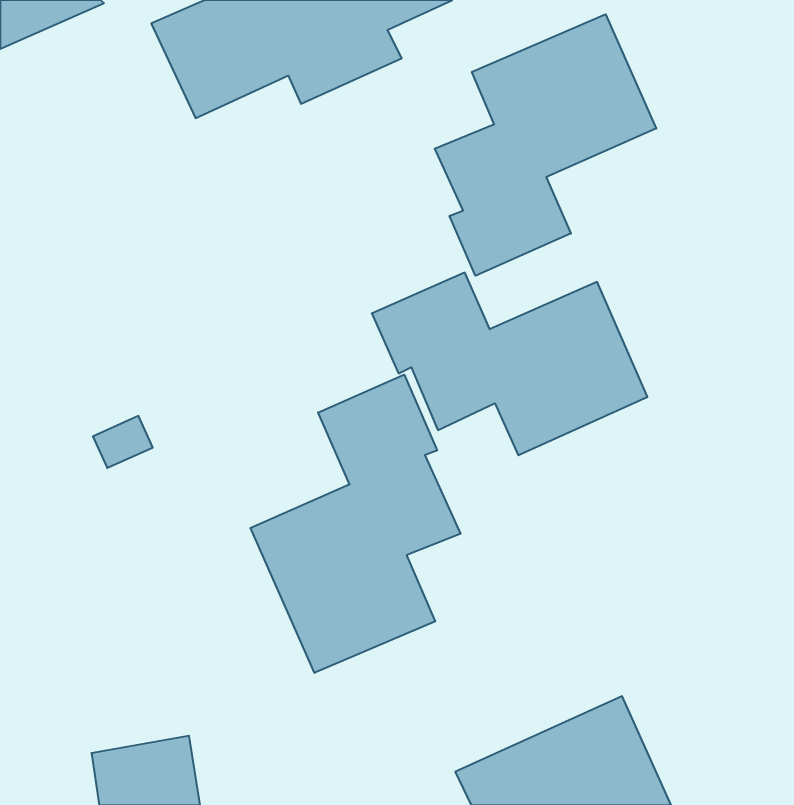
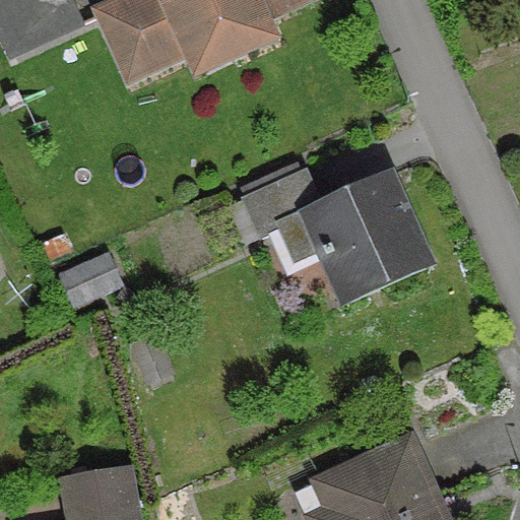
building: [435,14,656,276] -> none
building: [250,375,461,673] -> none

